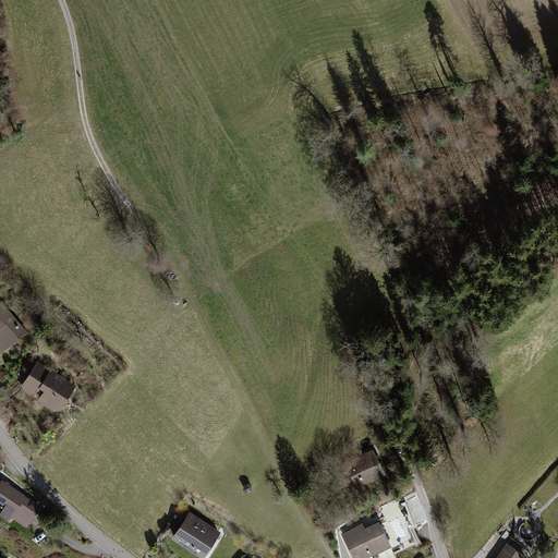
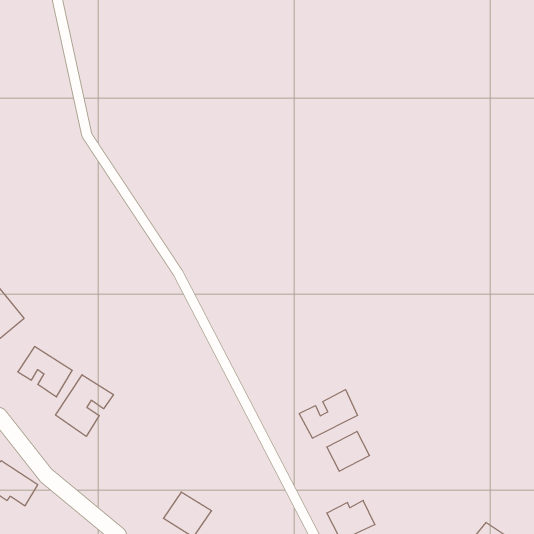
building: none -> [56,375,113,436]
building: none -> [299,390,357,438]

